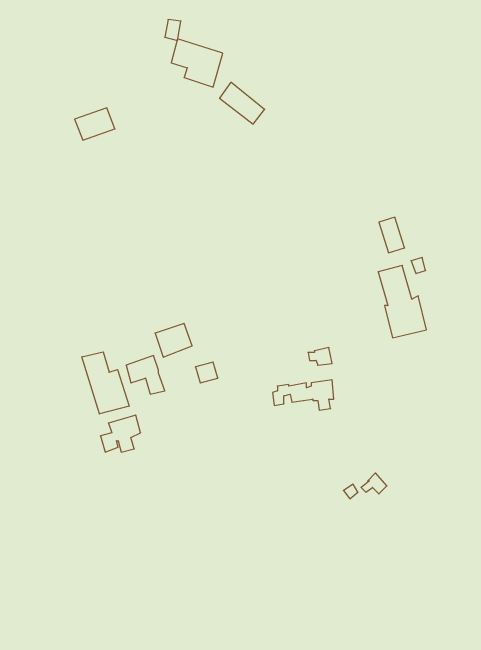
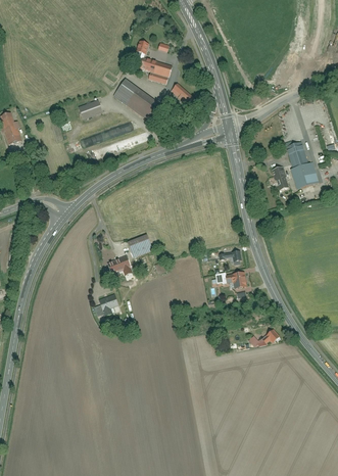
building: none -> [112,81,161,123]
building: [378,265,426,338] -> [286,143,317,189]
building: [82,352,129,414] -> none

